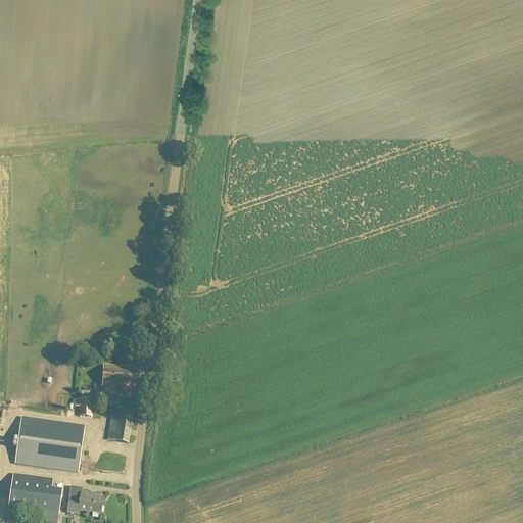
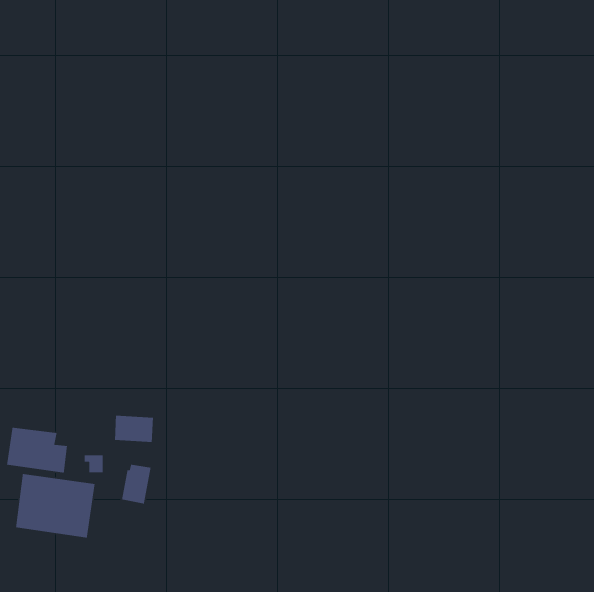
building: [6,473,60,514] -> [6,427,68,473]
building: [66,491,101,513] -> none

